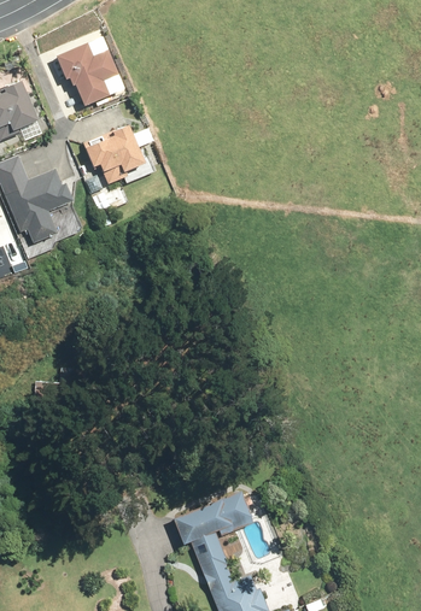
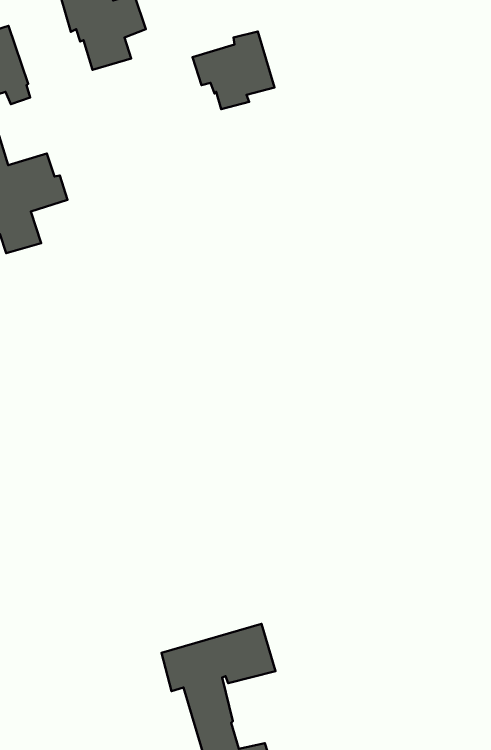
building: [83,127,144,184] -> [193,31,274,109]

